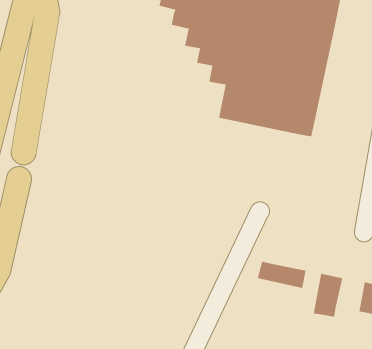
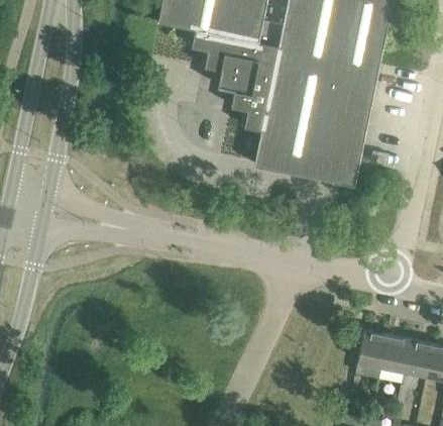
building: [257,261,307,289] -> none
building: none -> [380,335,410,371]

